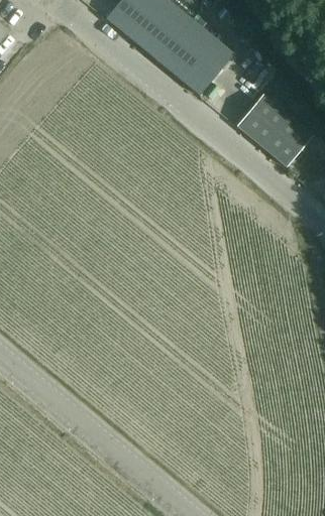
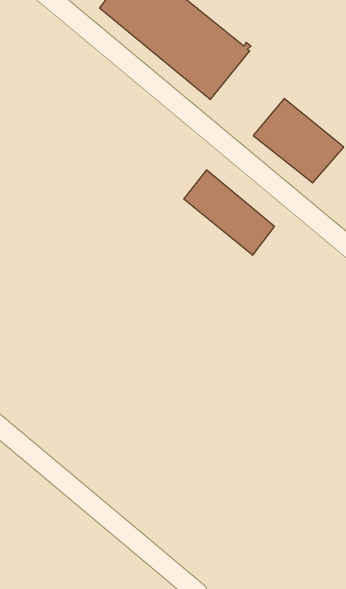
building: none -> [184,170,274,255]

